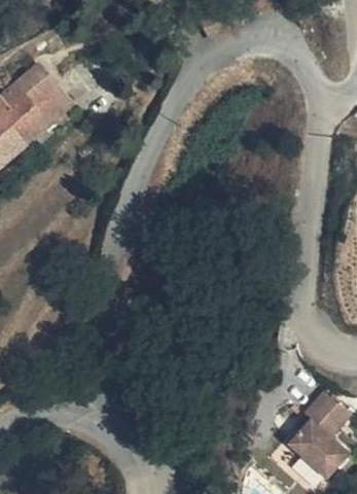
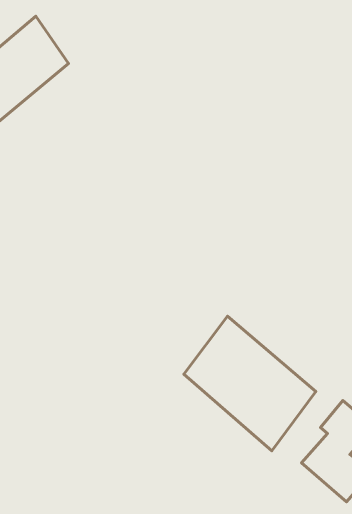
building: none -> [184,316,316,451]

